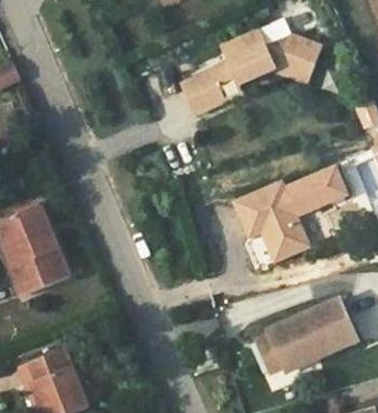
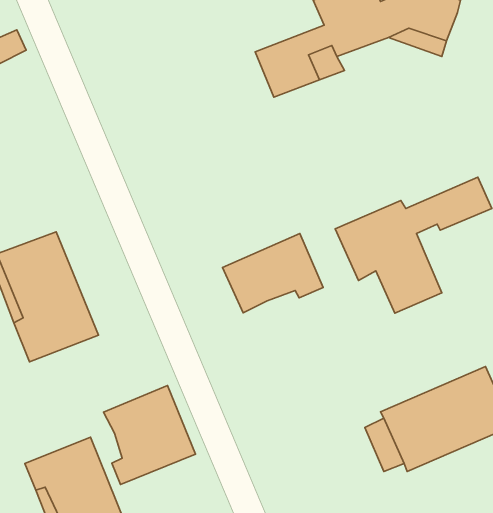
building: none -> [223,234,323,313]
building: none -> [104,386,196,484]

